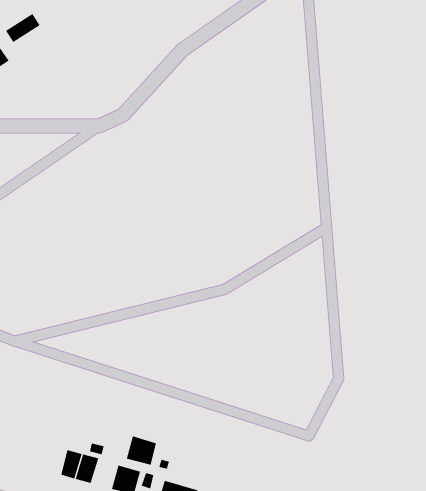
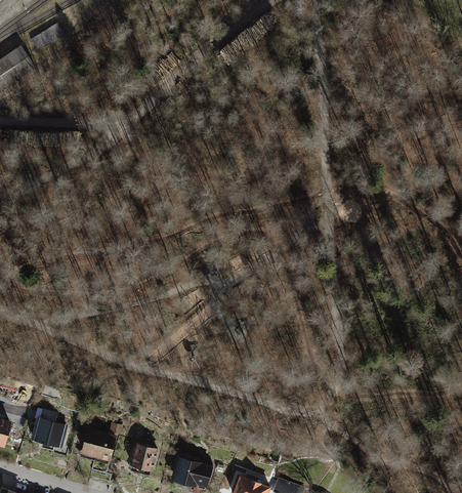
building: [126,436,157,465] -> none
building: none -> [31,417,69,447]

